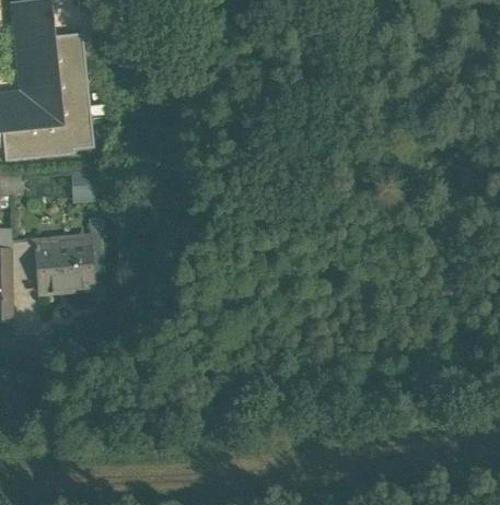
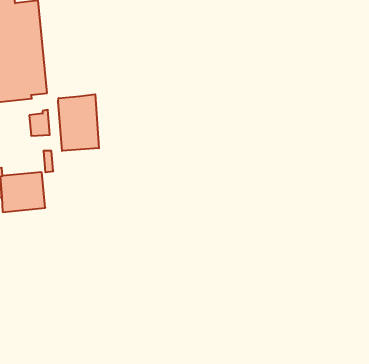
building: none -> [58,94,99,151]

